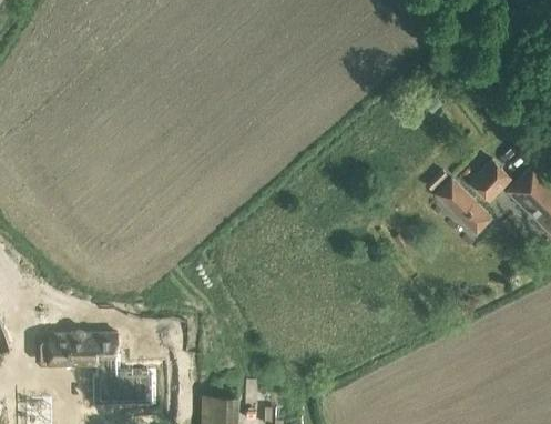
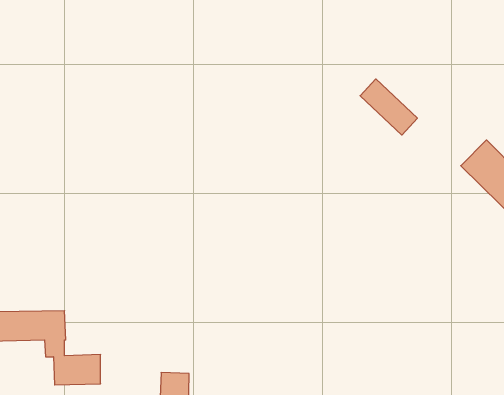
building: [471,161,511,201] -> none
building: [436,179,492,234] -> [360,79,417,135]

